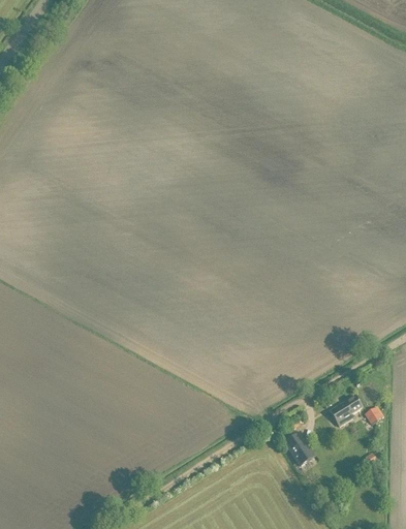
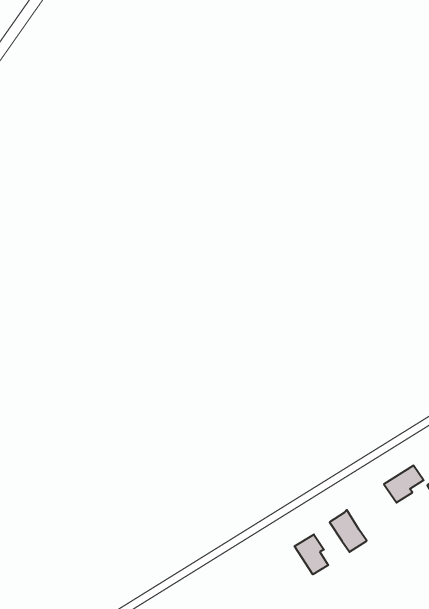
building: none -> [295,534,328,574]

